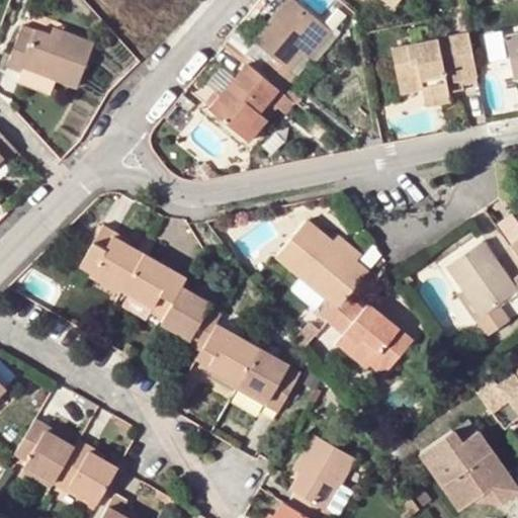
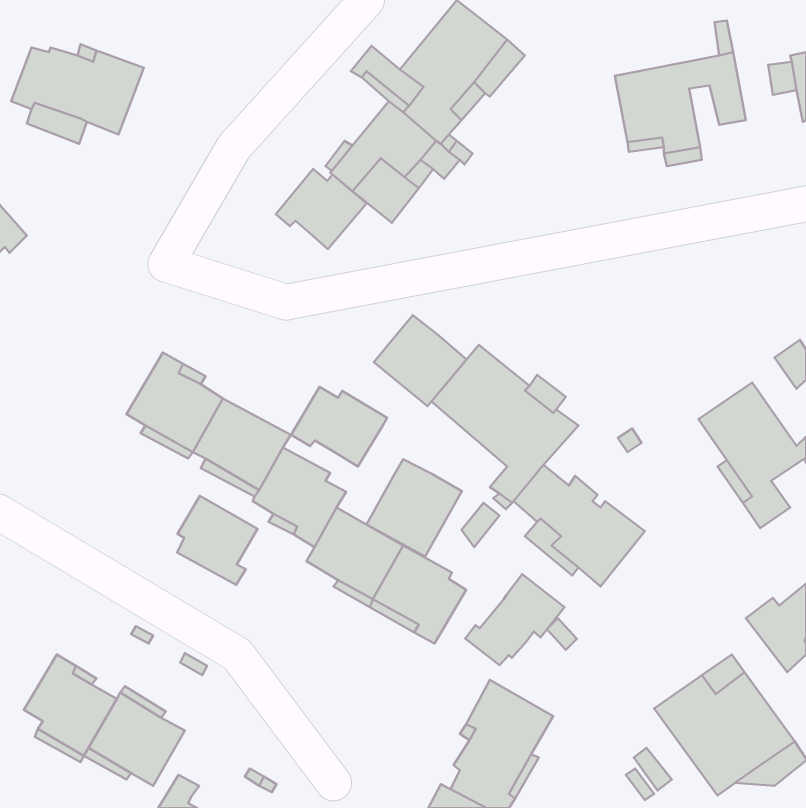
building: none -> [276,169,367,249]
building: none -> [374,315,467,406]
building: none -> [291,387,387,467]
building: none -> [366,459,462,557]
building: none -> [177,496,258,585]
building: none -> [465,574,564,665]

